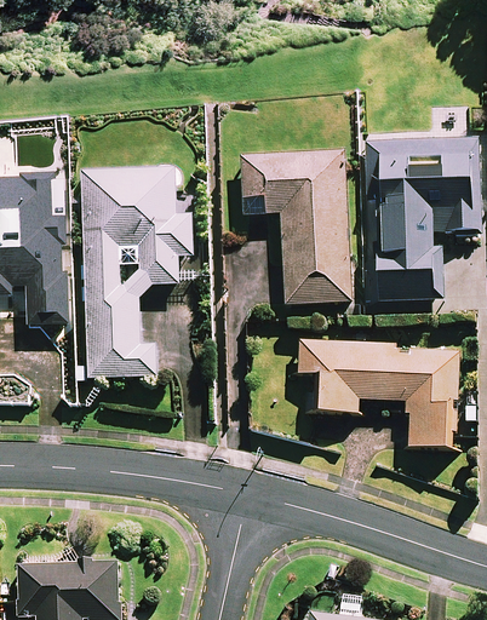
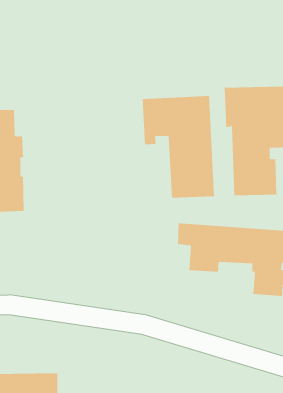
building: [81,167,193,377] -> none

